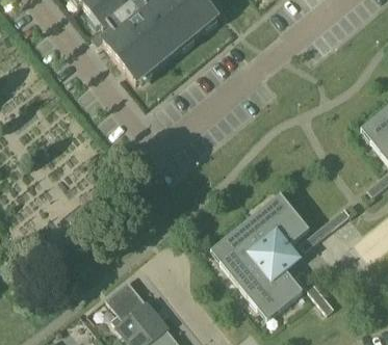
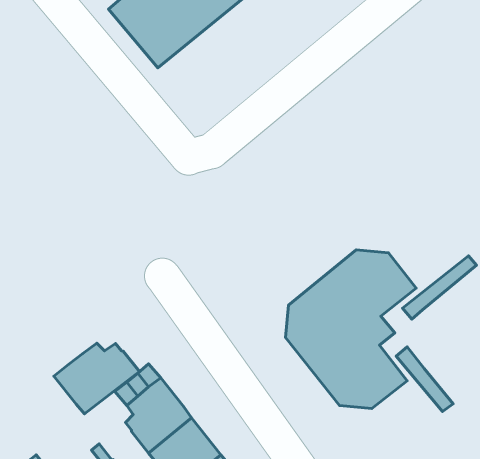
building: none -> [54,343,139,414]

